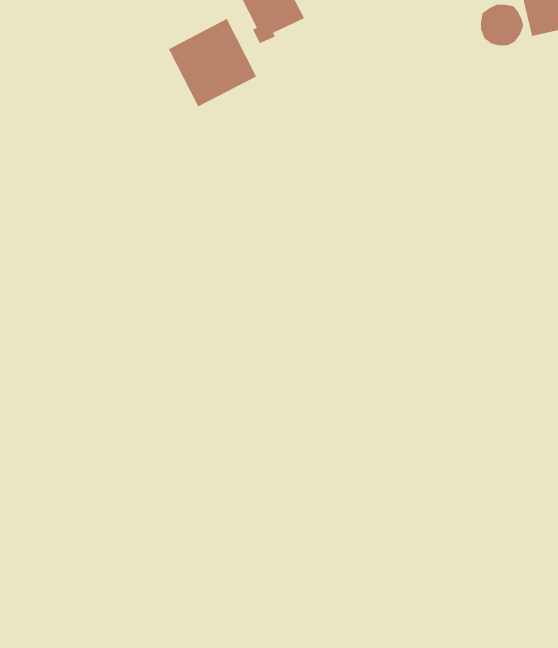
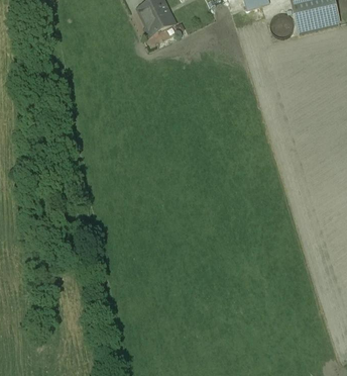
building: [168,18,257,108] -> none

